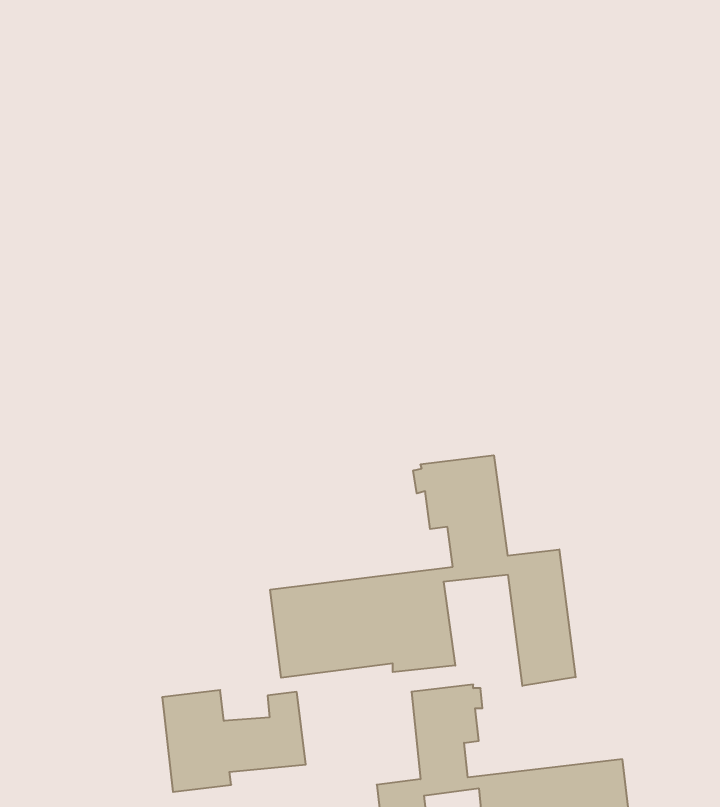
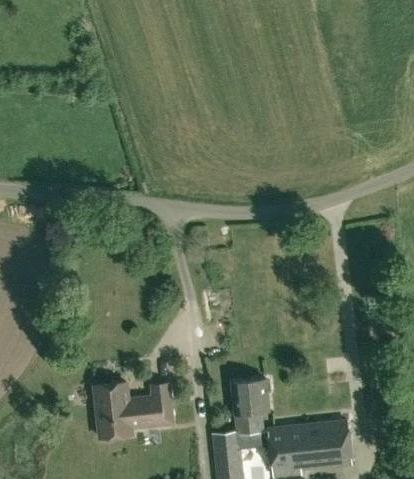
building: [270,455,576,686] -> none

